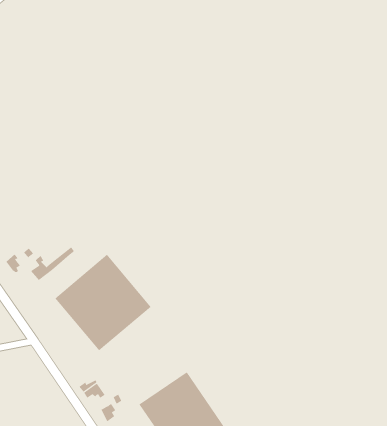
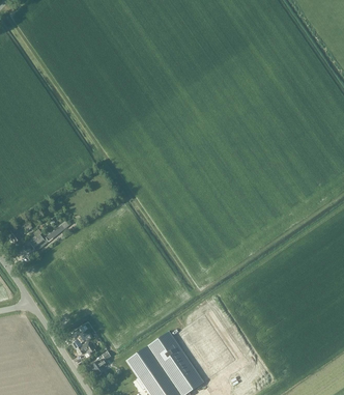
building: [54,254,152,351] -> none

